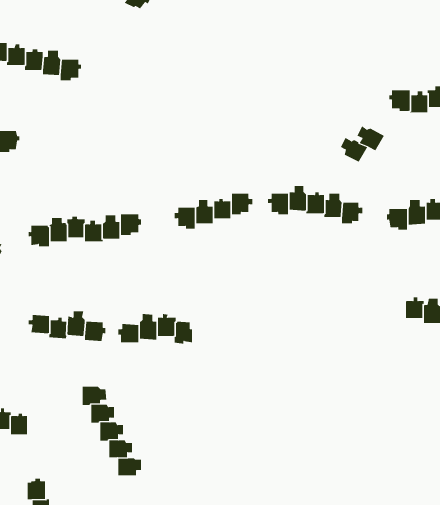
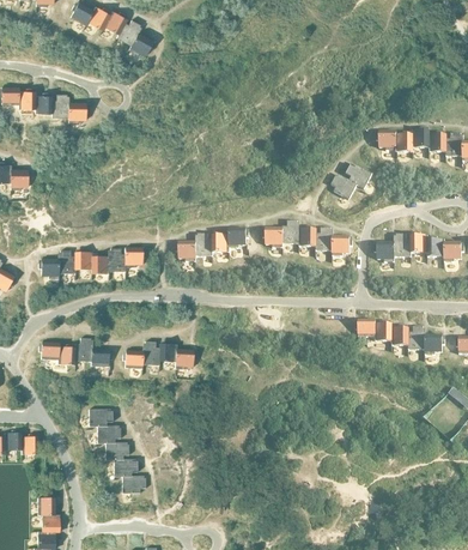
building: none -> [354,319,393,342]

